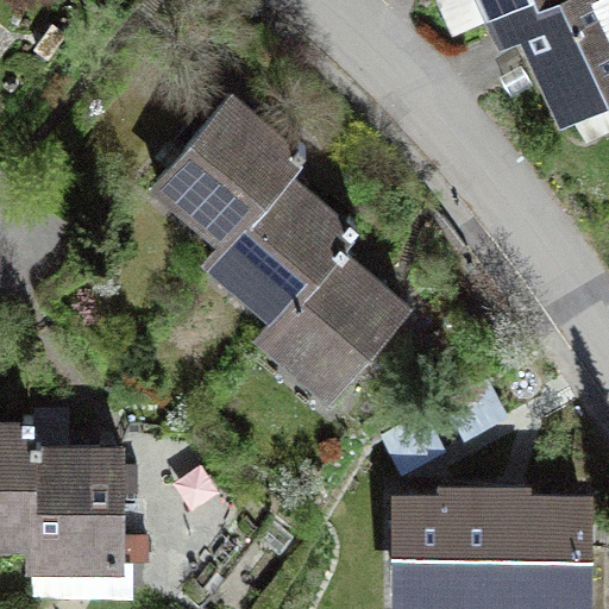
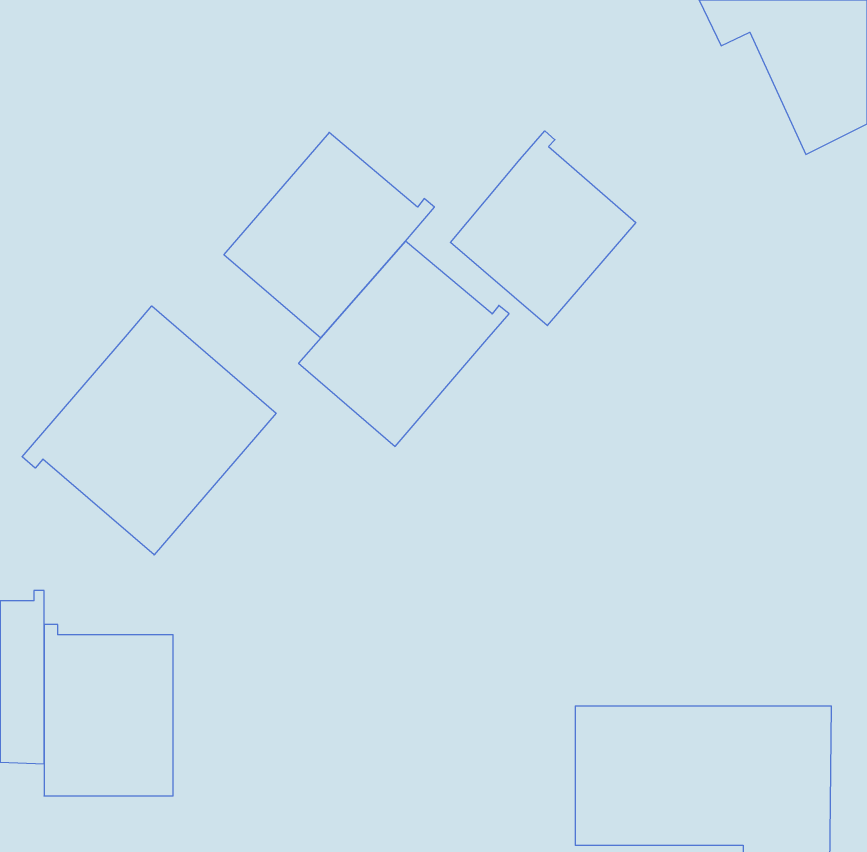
building: none -> [450,131,636,326]
building: none -> [22,306,276,555]
building: [263,249,404,398] -> none

